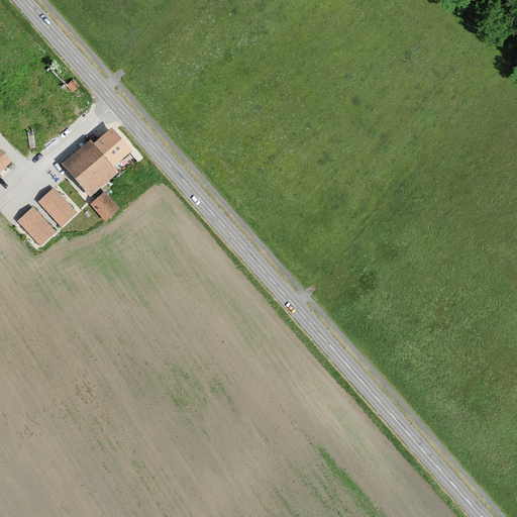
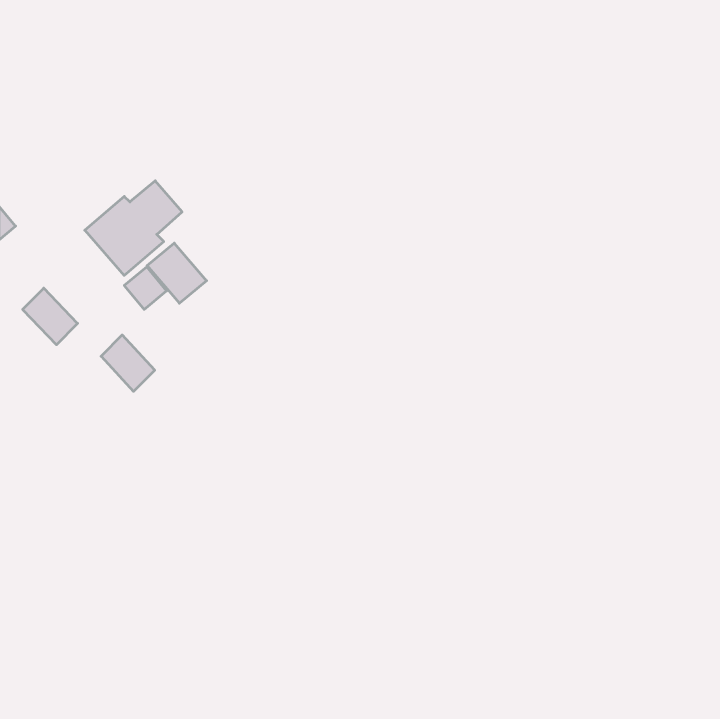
building: none -> [147,243,207,303]
building: [37,187,76,227] -> [101,335,155,391]

